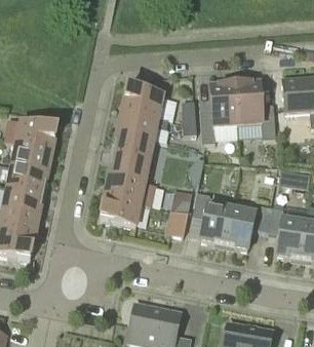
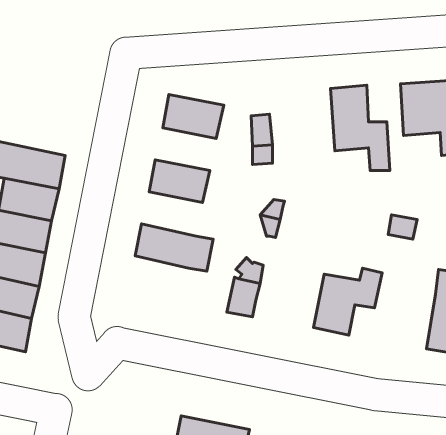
building: [199,83,238,143] -> none
building: [117,110,168,139] -> none
building: [108,153,149,183] -> none
building: [192,192,231,244] -> none
building: [100,196,140,227] -> none
building: [265,207,306,259] -> none

